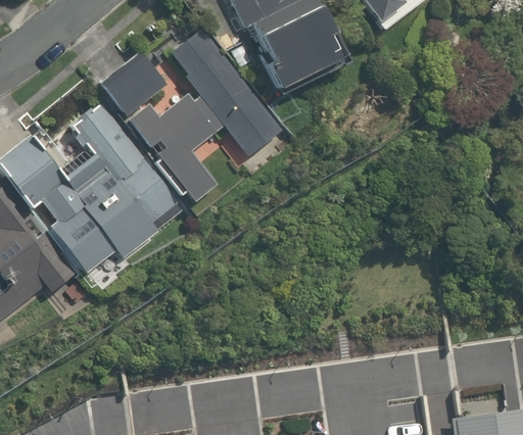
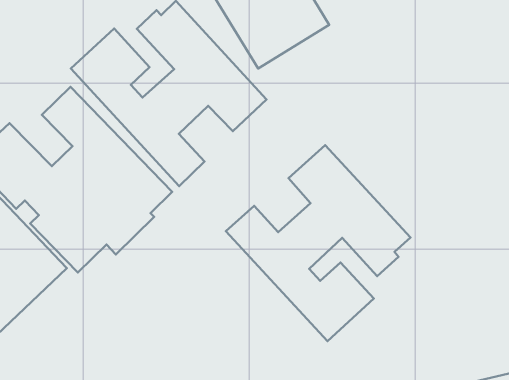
building: none -> [226,145,411,341]

